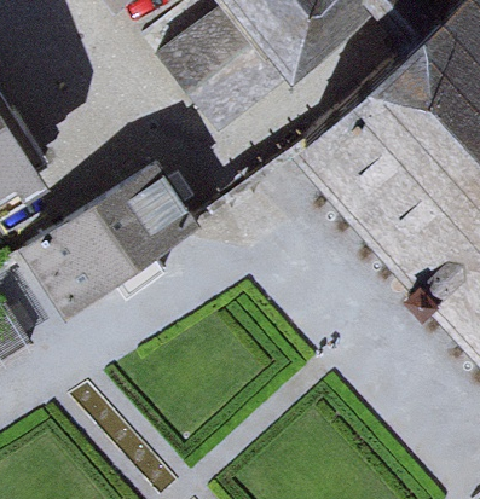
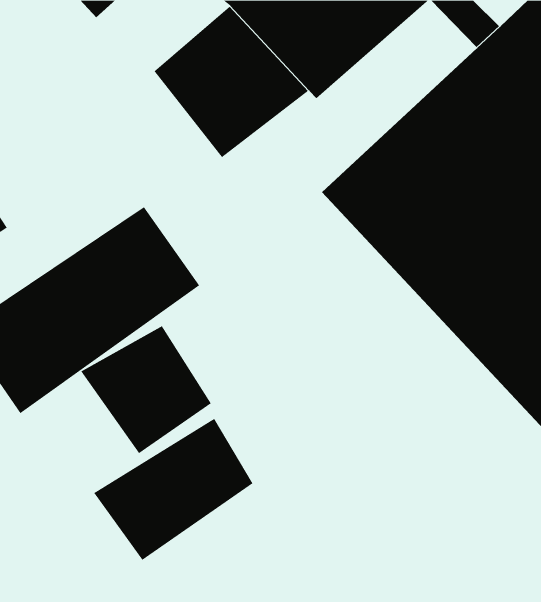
building: none -> [80,325,212,454]
building: none -> [93,418,254,561]

